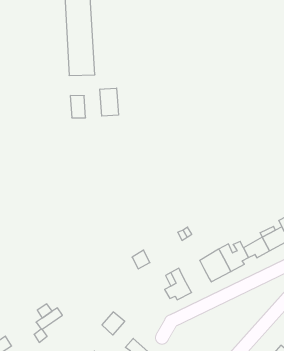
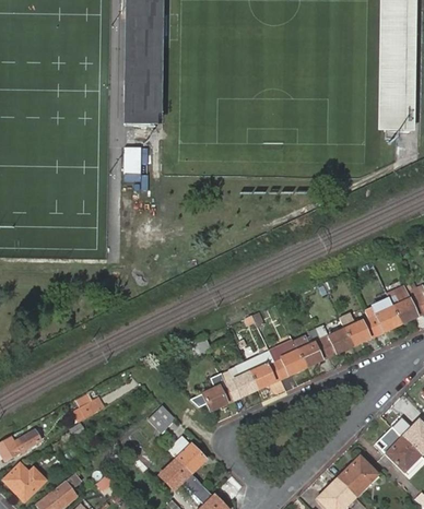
building: [100,88,118,116] -> none
building: none -> [246,352,282,389]
building: none -> [203,383,234,411]

